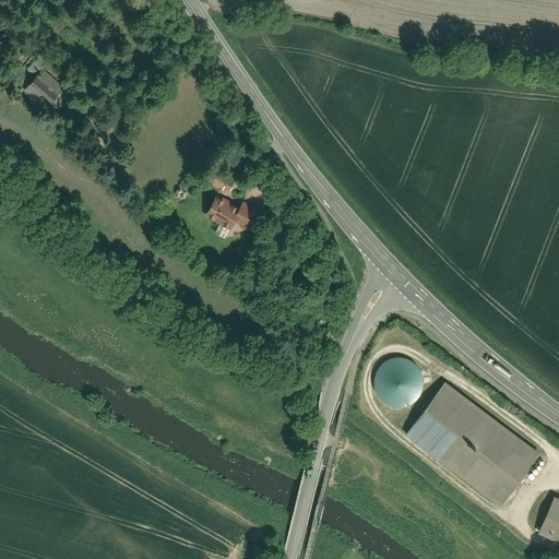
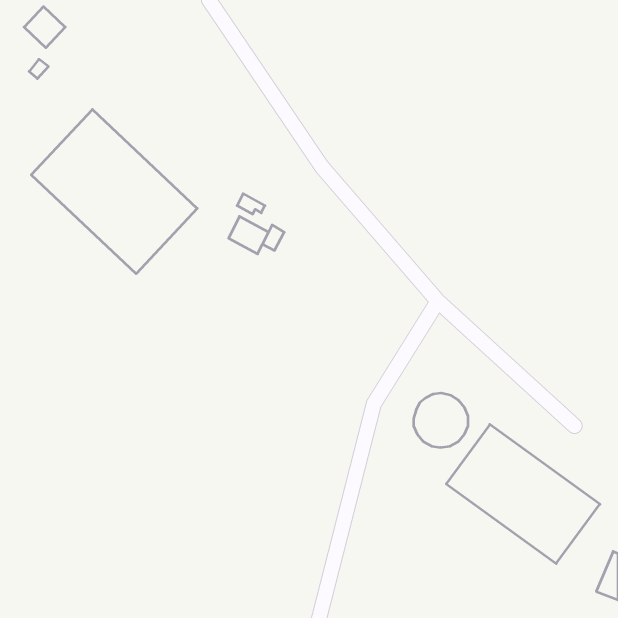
building: [25,69,62,106] -> [24,7,65,48]
building: none -> [31,109,197,274]

